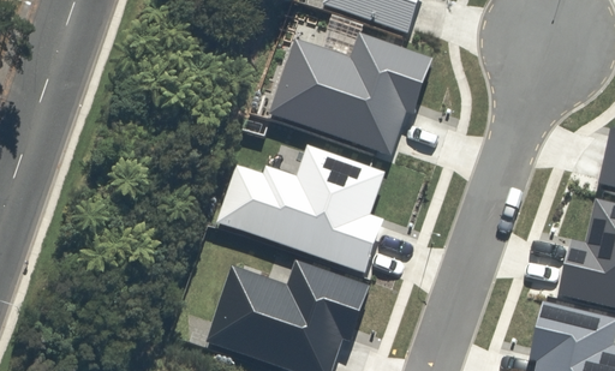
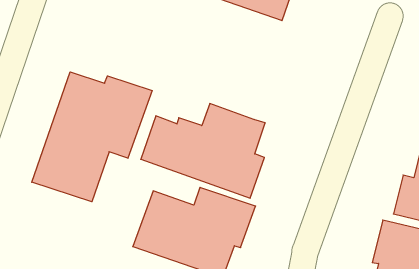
building: [267,32,434,155] -> none
building: none -> [32,72,152,202]

